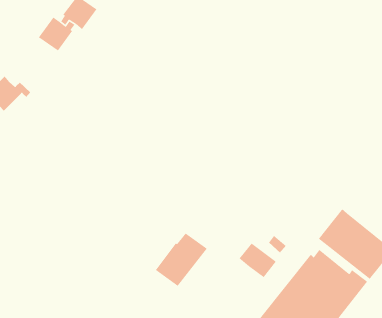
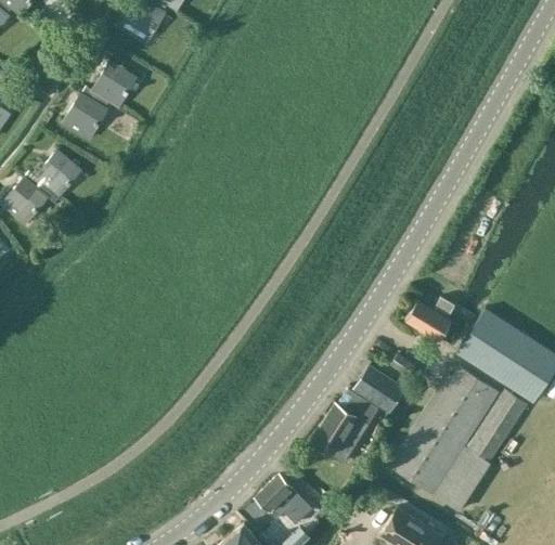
building: none -> [24,150,82,196]
building: none -> [406,297,455,340]
building: [155,233,208,287] -> [312,389,379,462]

